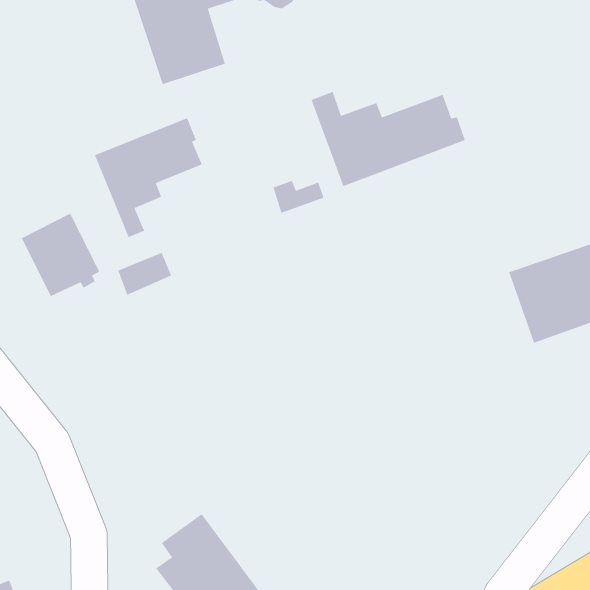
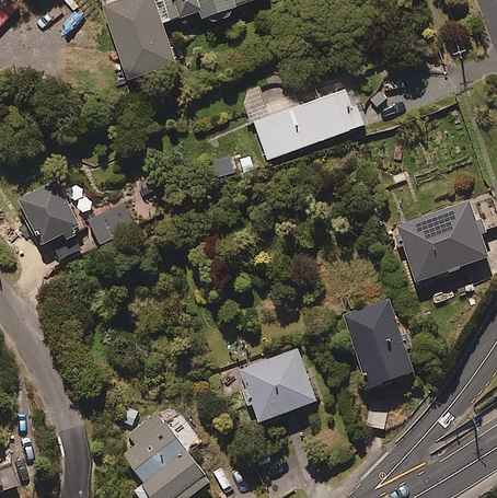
building: [94,117,203,238] -> none
building: none -> [343,299,416,391]
building: none -> [239,348,315,421]

